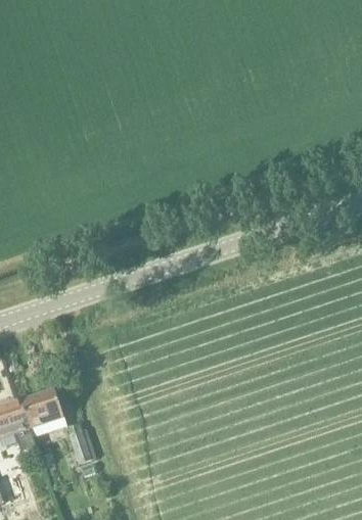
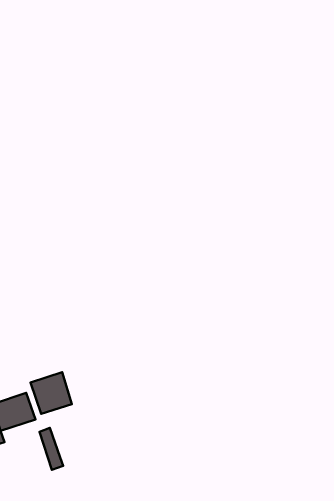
building: none -> [30,372,72,414]

